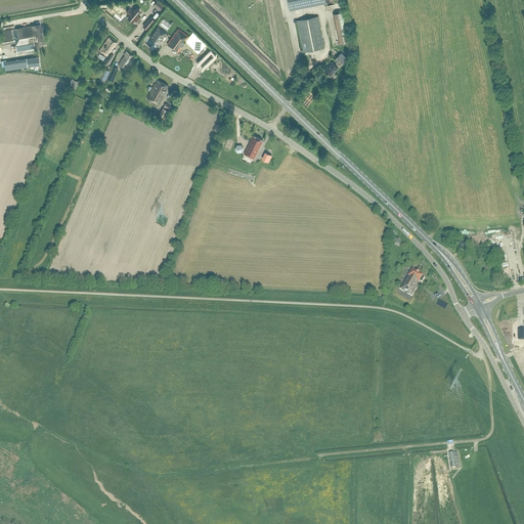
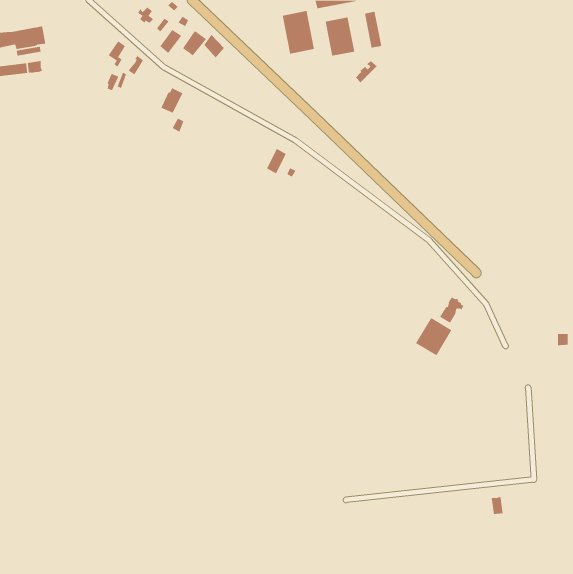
building: none -> [282,10,314,54]
building: none -> [415,317,452,356]

